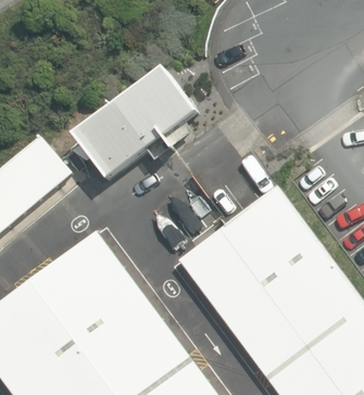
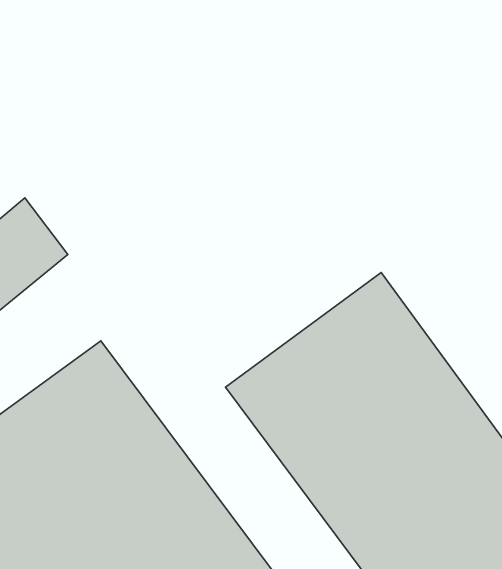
building: [75,67,199,179] -> none

